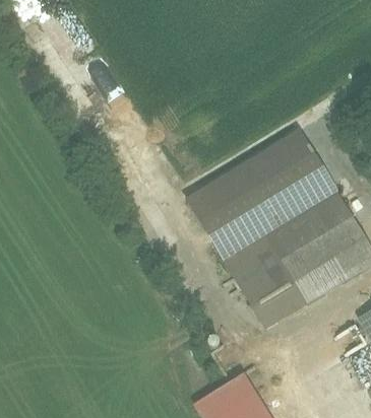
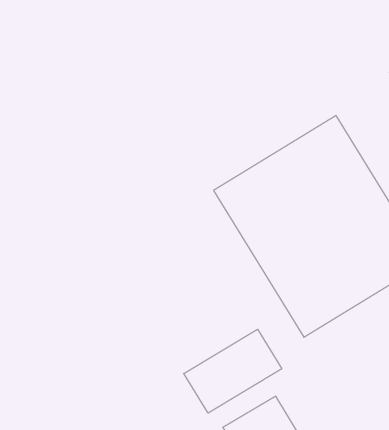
building: none -> [184,329,282,413]

